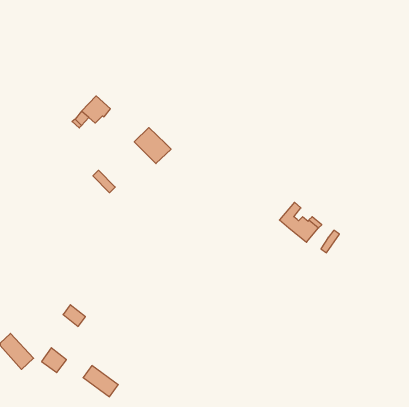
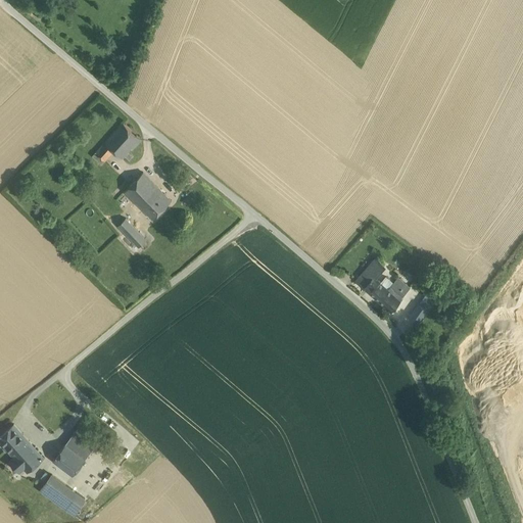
building: [134,128,171,164] -> [125,175,172,221]
building: [63,305,85,326] -> [65,434,94,462]
building: [83,366,118,397] -> [40,476,85,516]

